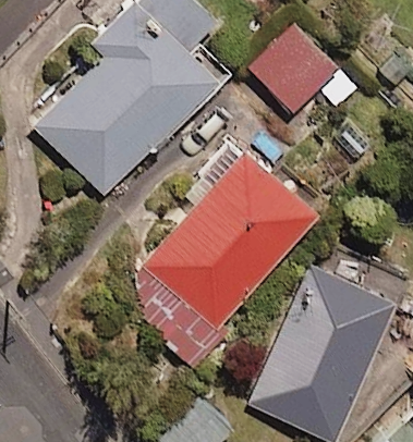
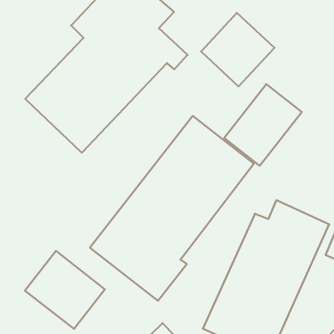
building: none -> [224,84,302,166]
building: none -> [25,251,105,329]

